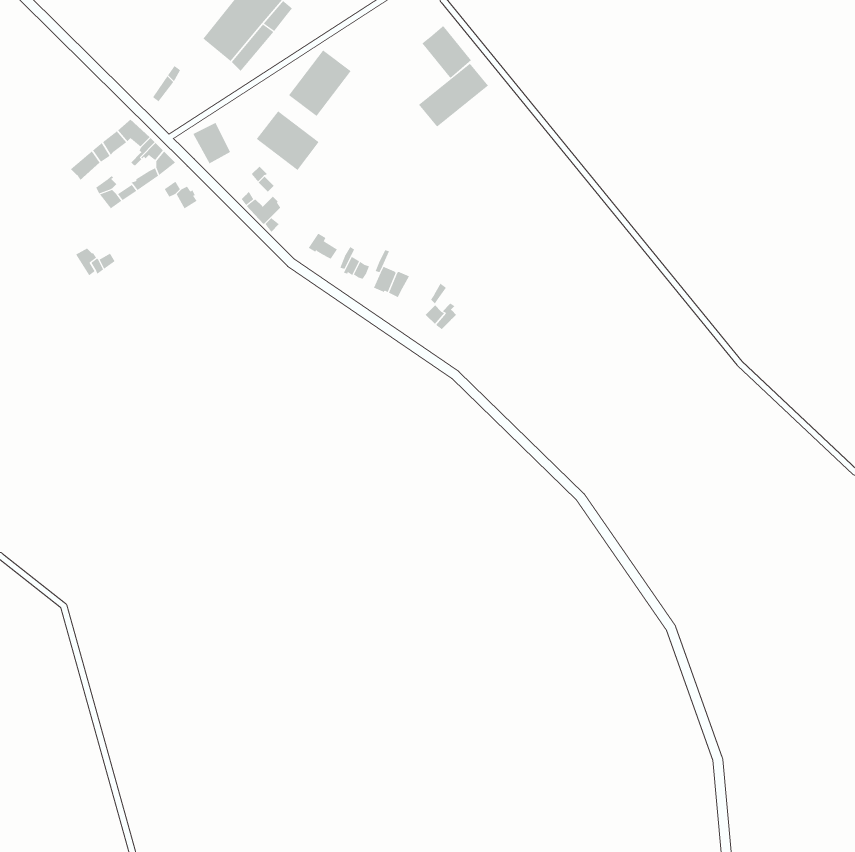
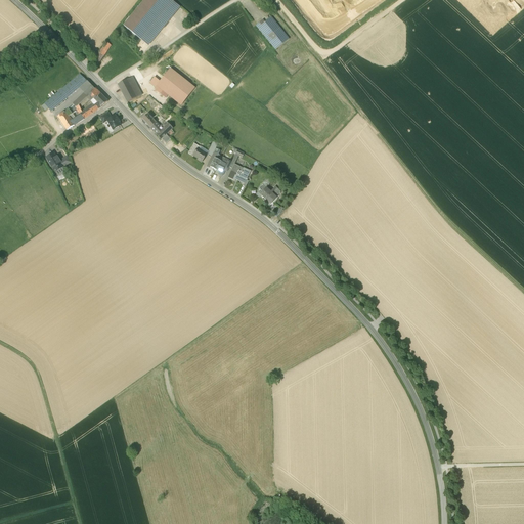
building: [288,50,352,117] -> none
building: [418,63,489,128] -> none

